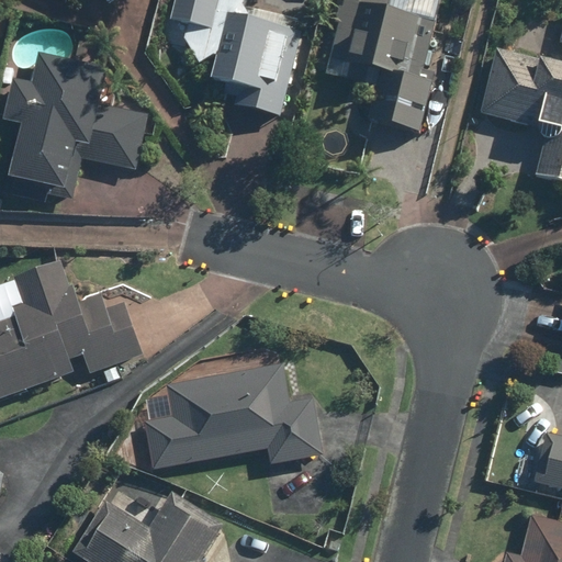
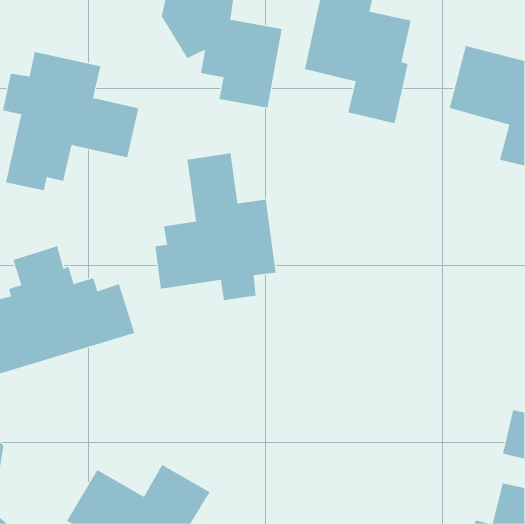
building: none -> [155,153,276,301]
building: [144,367,323,467] -> none

